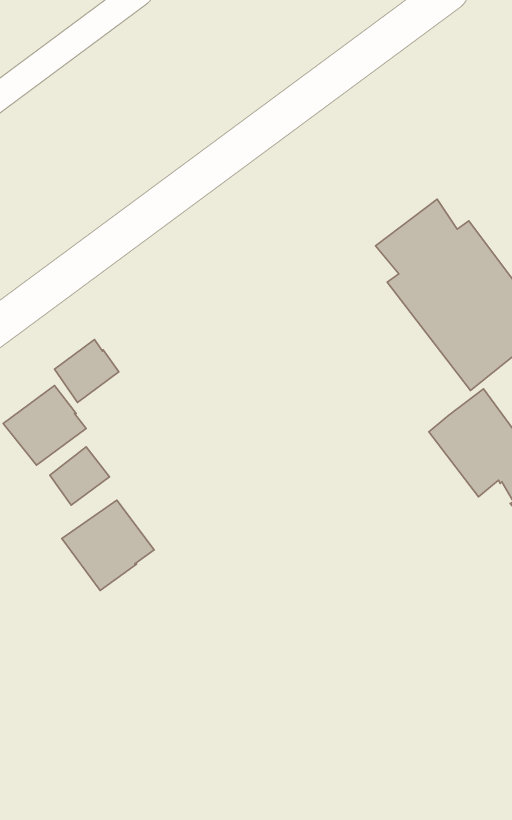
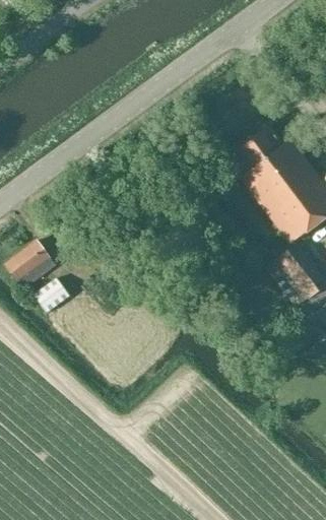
building: [55,339,119,402] -> none
building: [62,500,154,590] -> none

